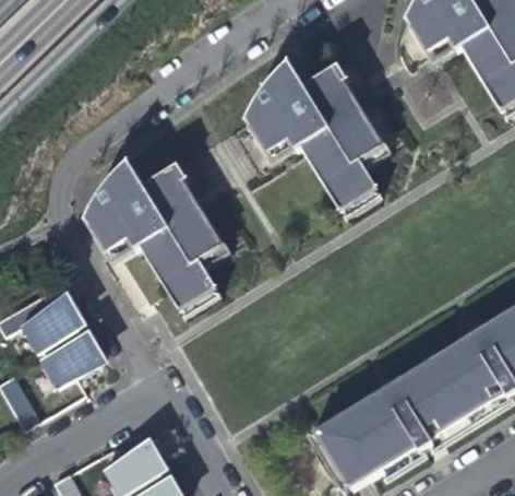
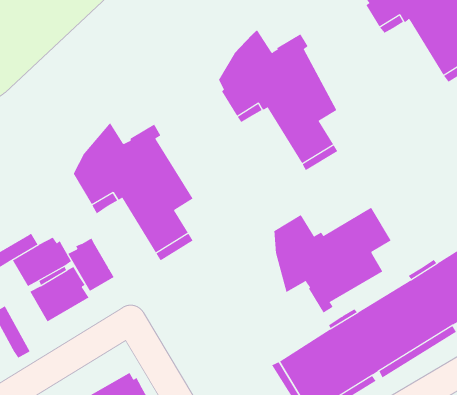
building: none -> [274,207,391,314]
building: none -> [68,238,115,292]

